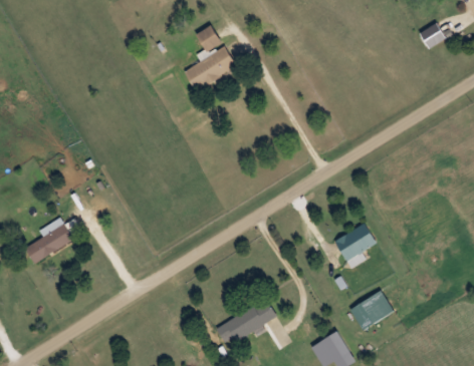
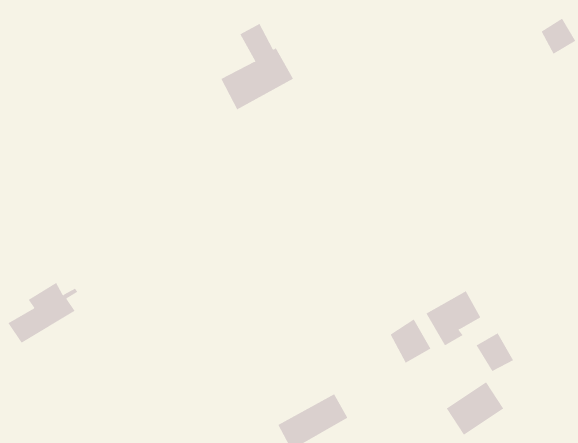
building: none -> [390,319,431,363]
building: none -> [476,333,514,372]

